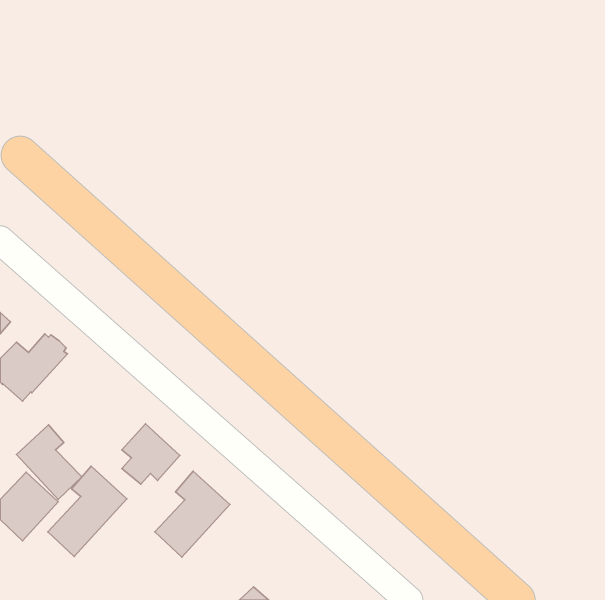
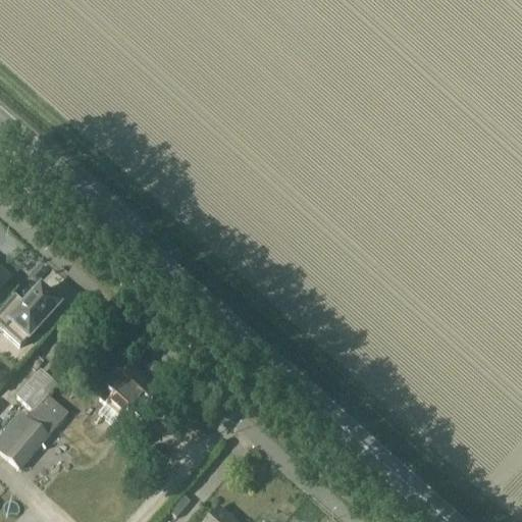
building: [48,466,127,557] -> none
building: [155,471,230,557] -> none

